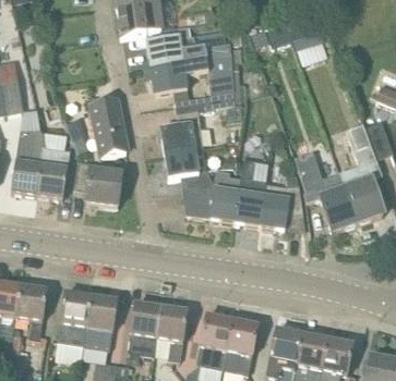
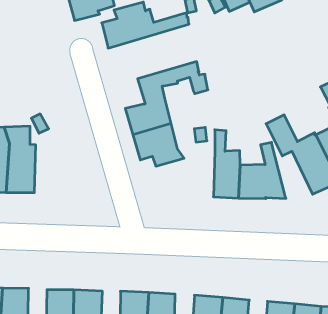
building: [151,52,235,99] -> none
building: [91,97,127,155] -> none
building: [73,161,122,205] -> none
building: [183,169,242,221] -> none

